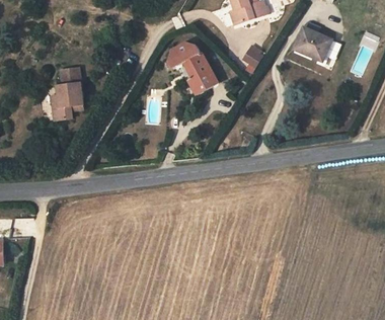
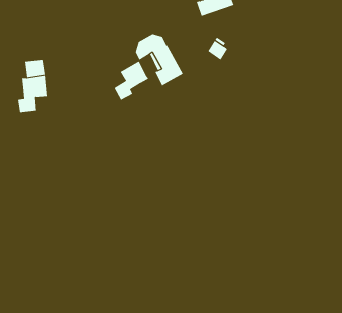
building: [294,26,331,61] -> none
building: none -> [114,60,149,100]

